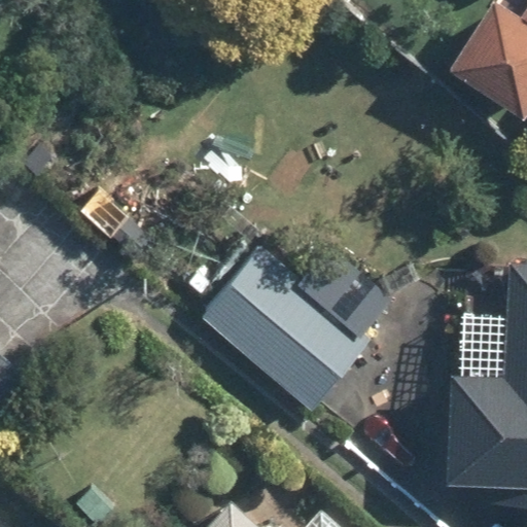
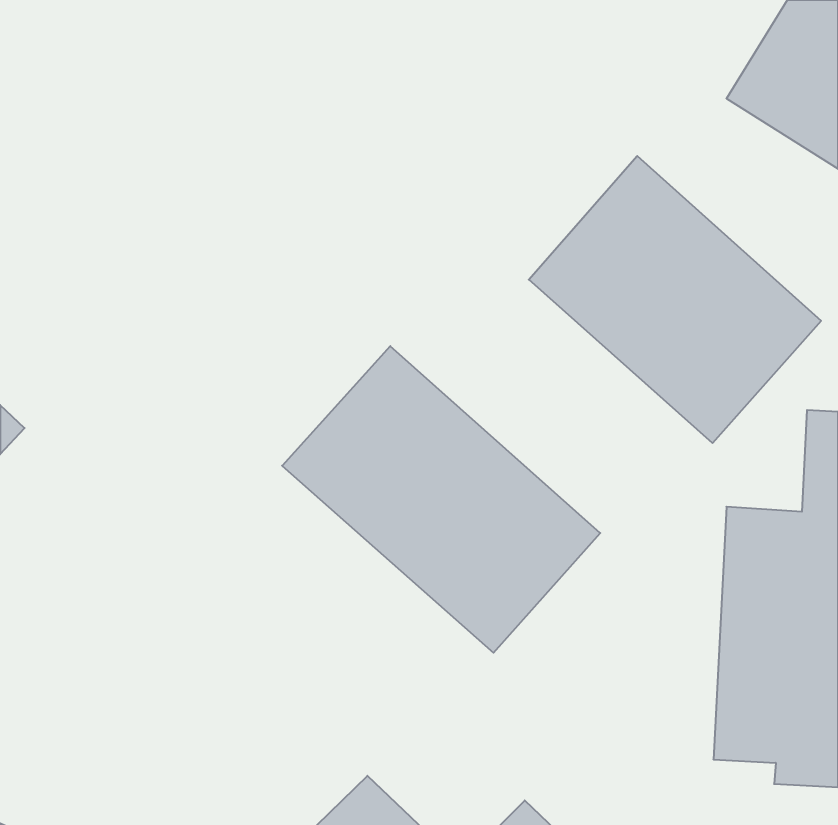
building: none -> [529,156,821,443]

